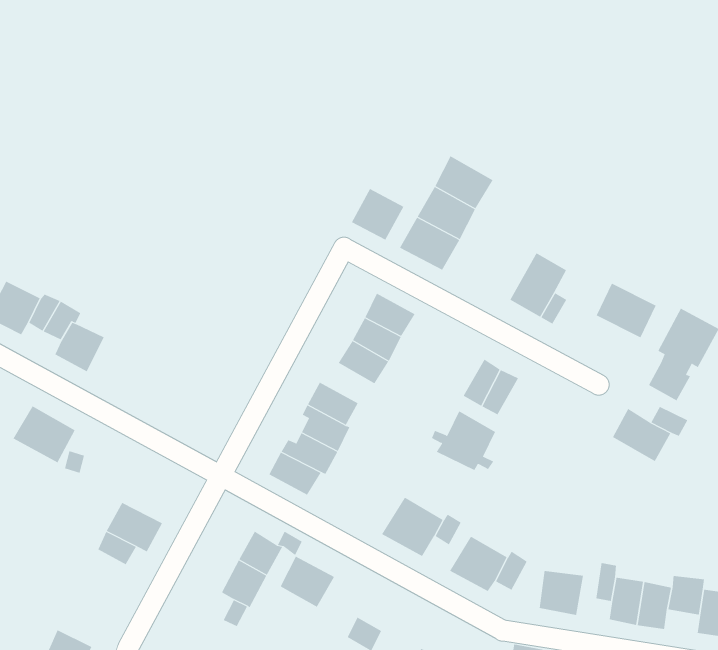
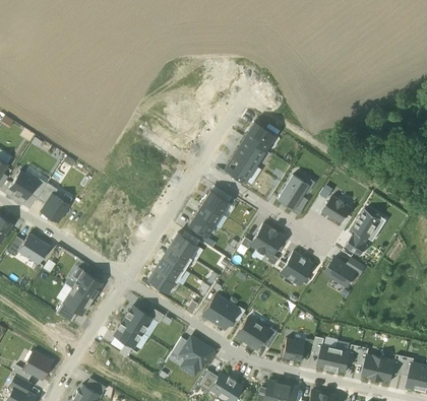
building: [351,188,404,241] -> none
building: [431,411,496,471] -> [279,252,312,283]
building: none -> [72,270,104,300]
building: [280,556,335,608] -> [183,336,211,363]

